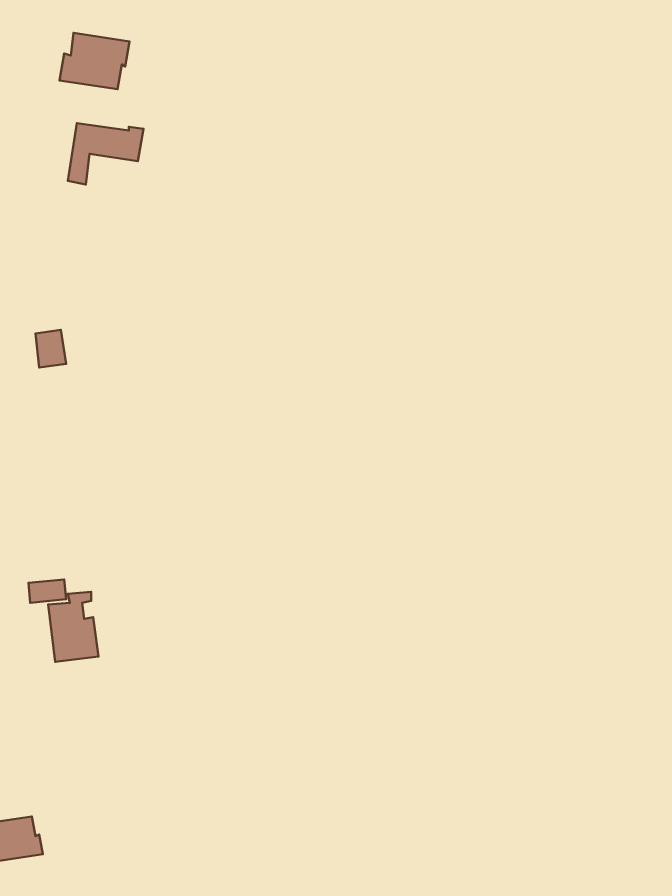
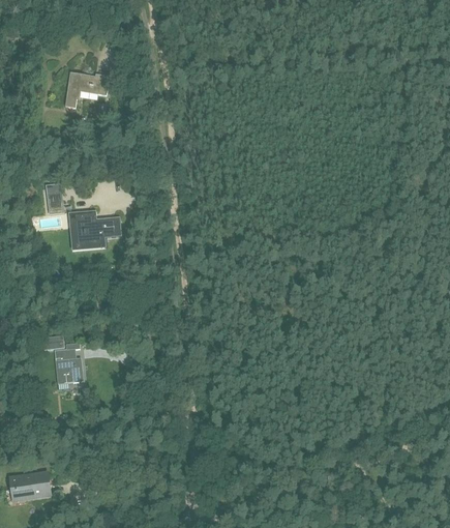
building: [59,33,130,89] -> none
building: none -> [71,213,119,243]

